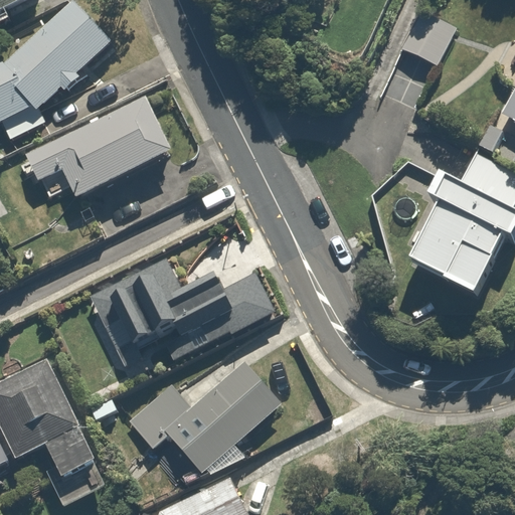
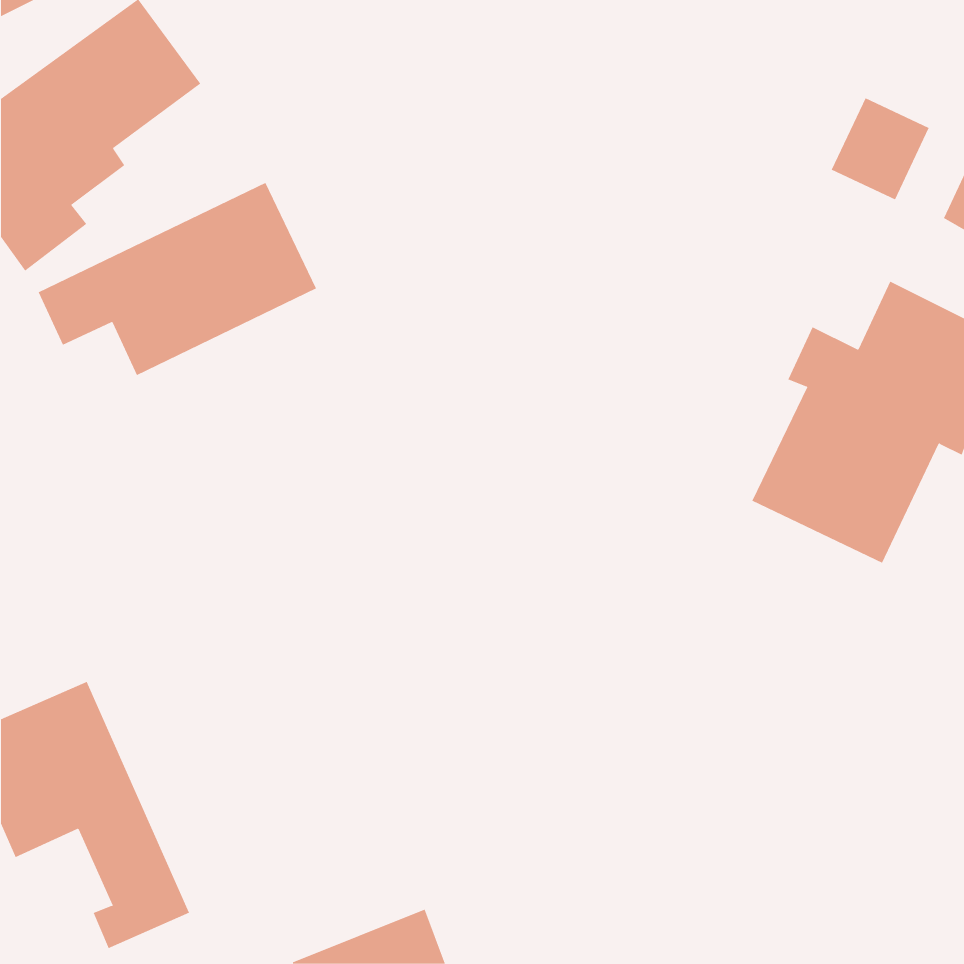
building: [403,10,456,64] -> [831,98,930,200]
building: [89,251,278,362] -> none
building: [131,362,283,475] -> none

